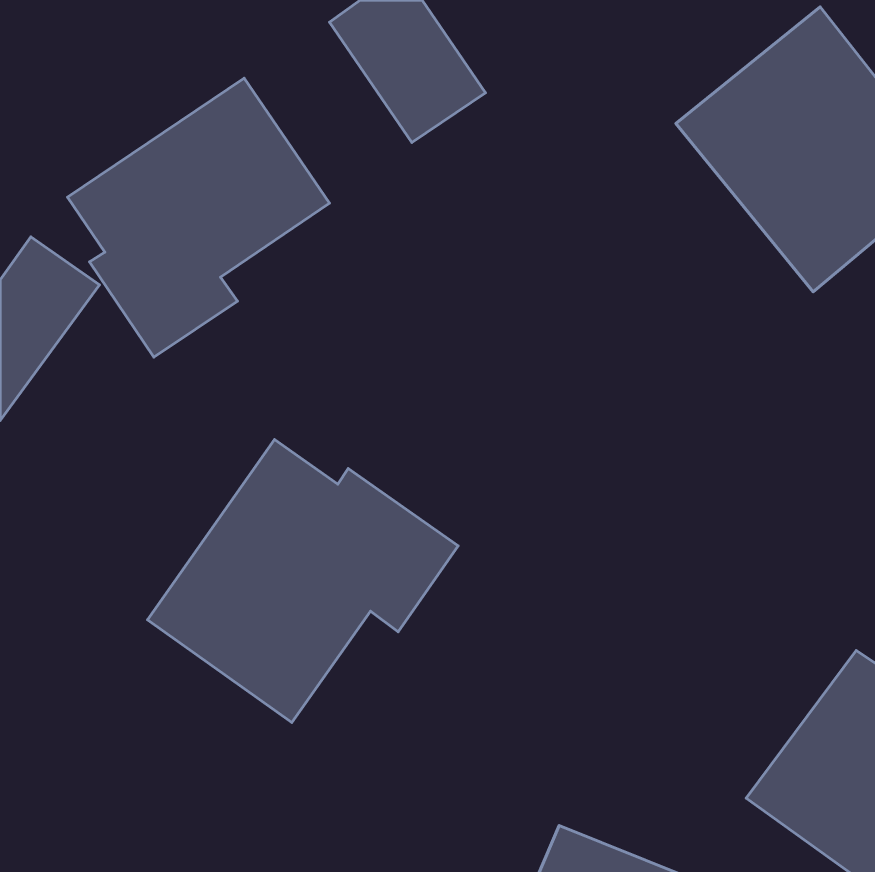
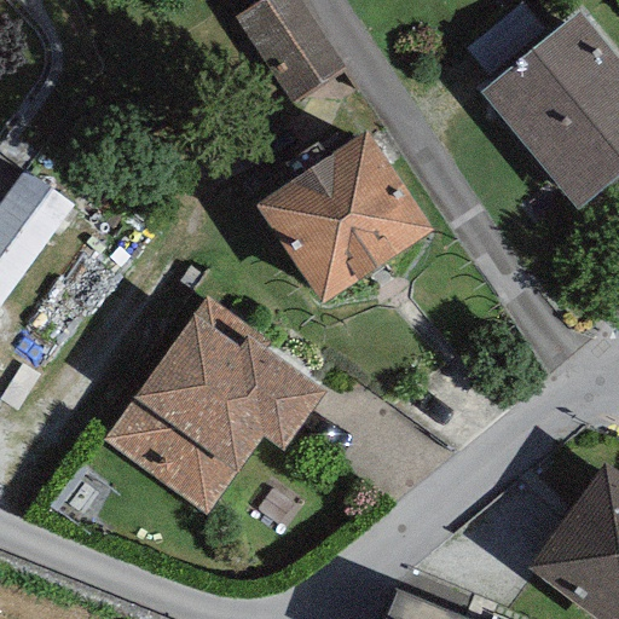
building: [68,78,330,357] -> none
building: none -> [258,128,434,301]

